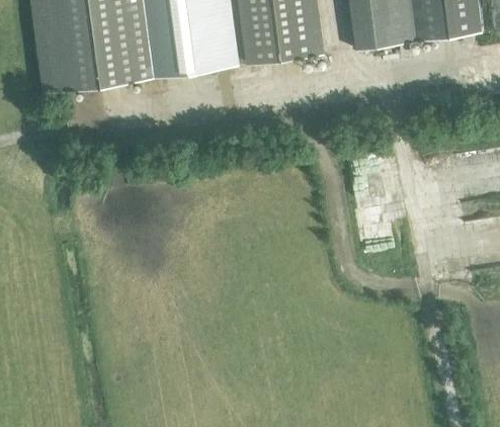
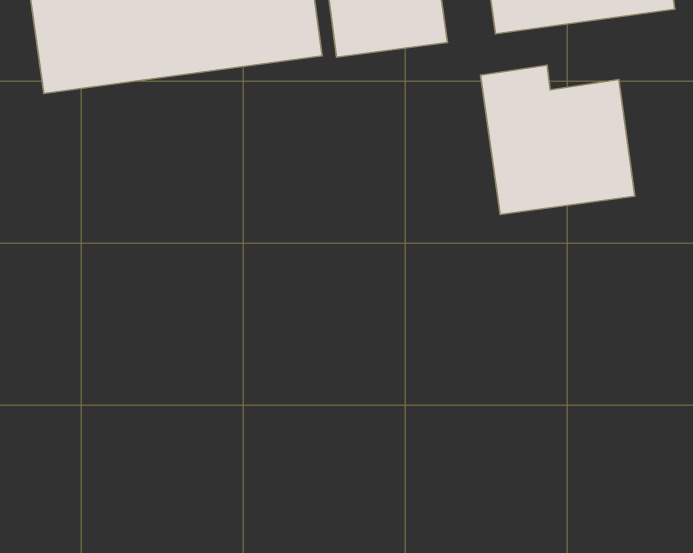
building: none -> [481,65,635,215]

